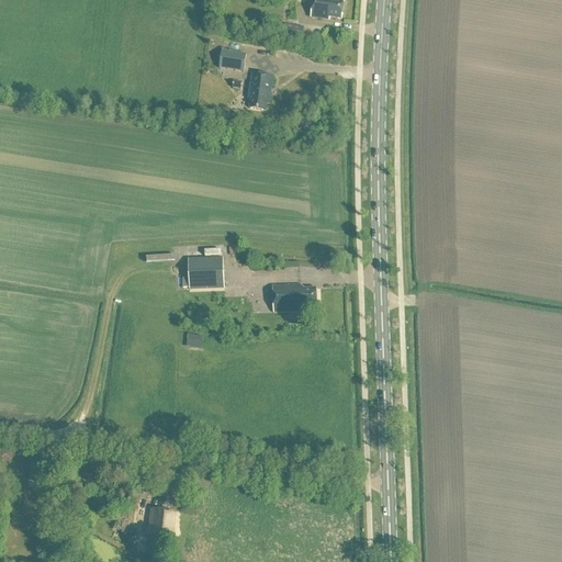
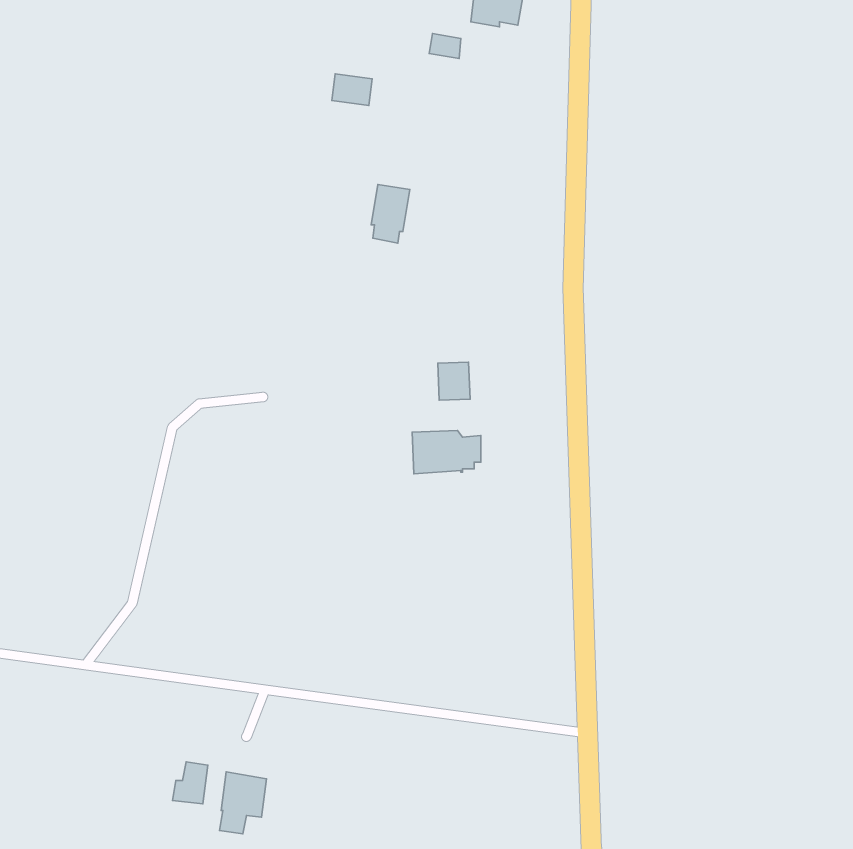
building: [246,70,271,109] -> [371,185,410,243]
building: none -> [438,362,470,400]
building: [187,255,223,286] -> none

